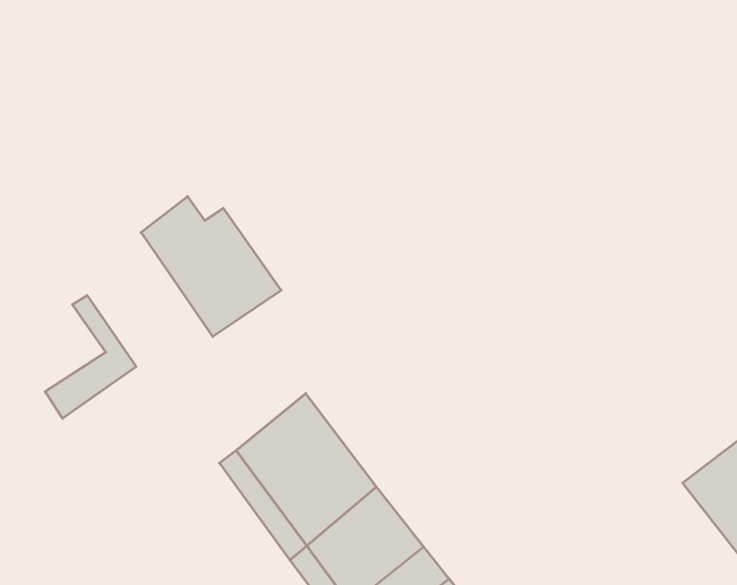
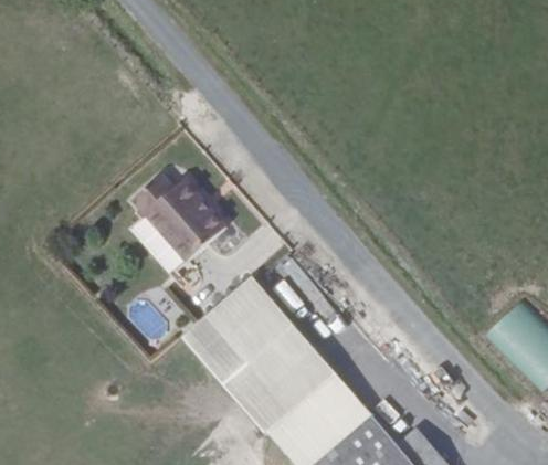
building: [45,295,136,418] -> none

